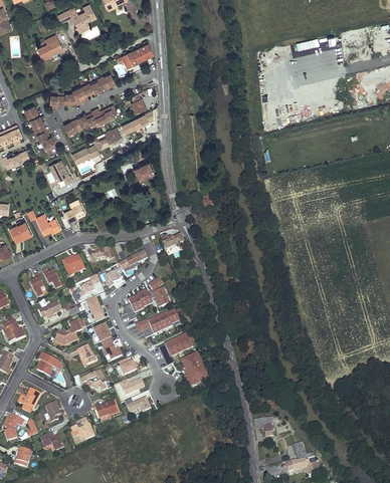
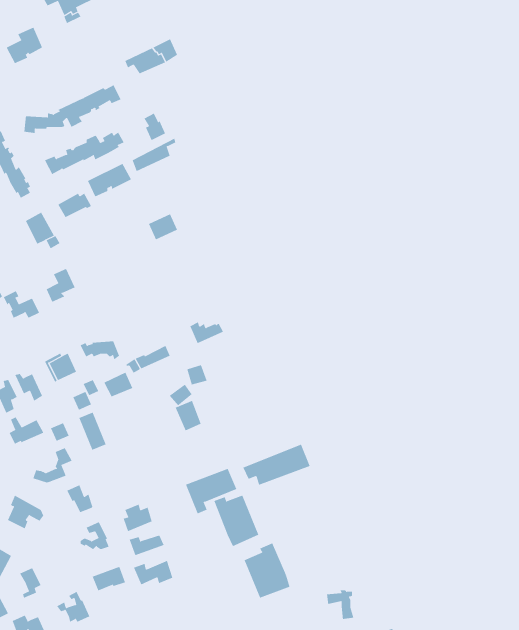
building: [124,289,153,319] -> none
building: [134,308,180,336] -> [242,444,311,485]
building: [93,321,122,360] -> none
building: none -> [244,542,290,599]

